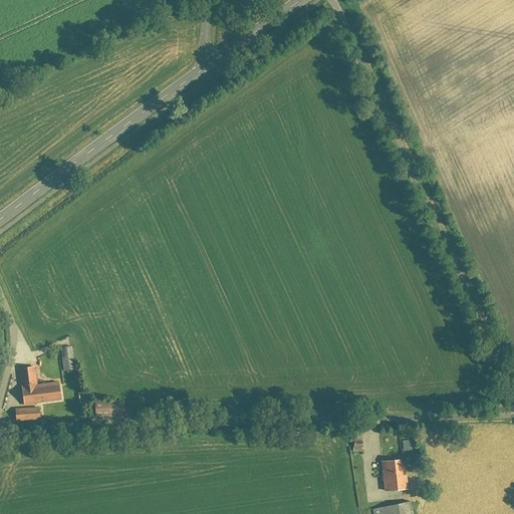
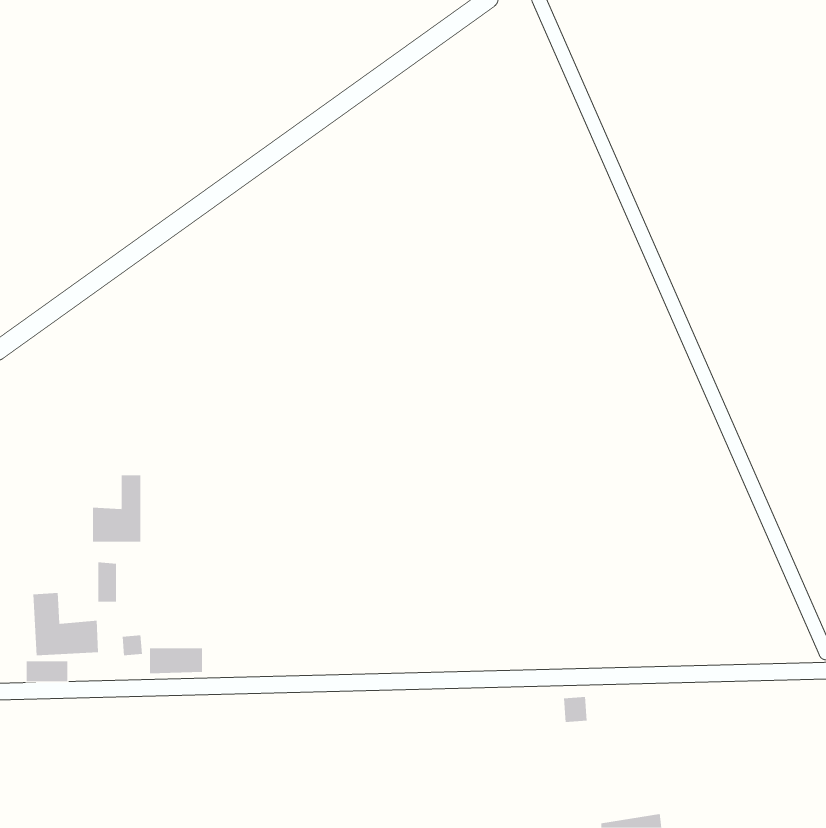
building: none -> [93,474,141,543]
building: [380,458,408,490] -> none

